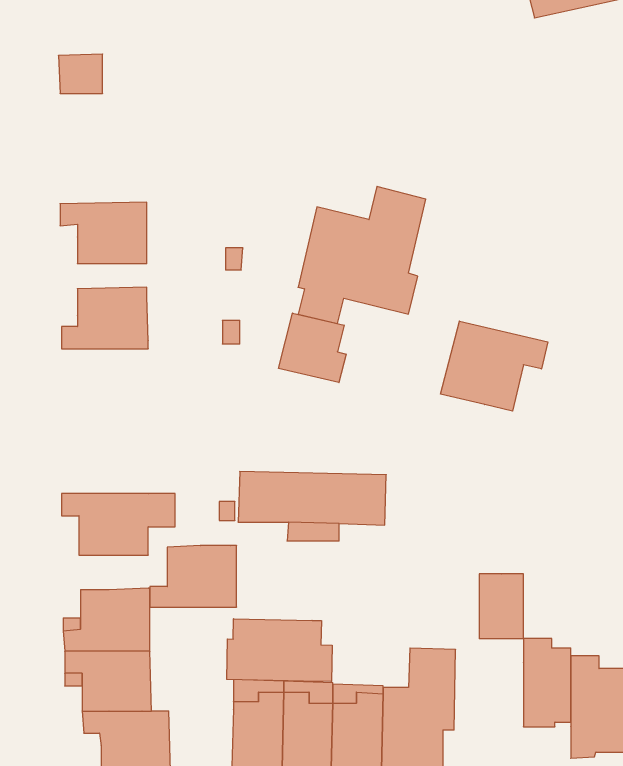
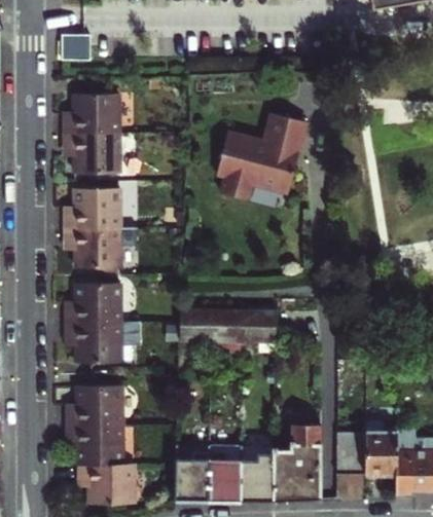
building: none -> [63,94,119,134]
building: [279,313,346,383] -> none
building: [441,321,548,411] -> none
building: none -> [64,228,136,268]
building: [150,546,237,607] -> [64,283,120,323]
building: [479,574,523,639] -> [336,433,365,475]
building: [227,619,332,682] -> none

